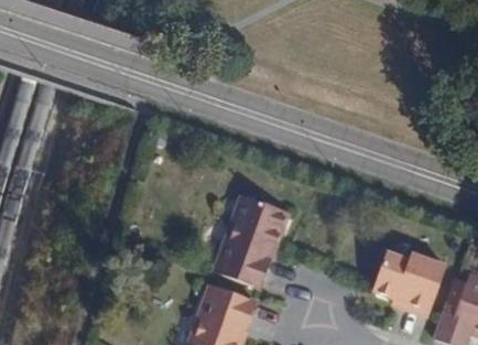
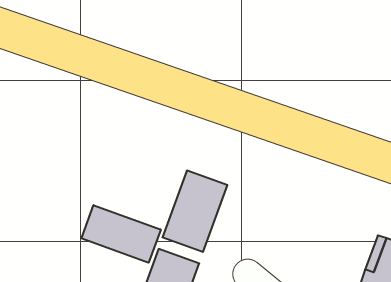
building: none -> [81,205,161,263]
building: [372,251,445,315] -> none

